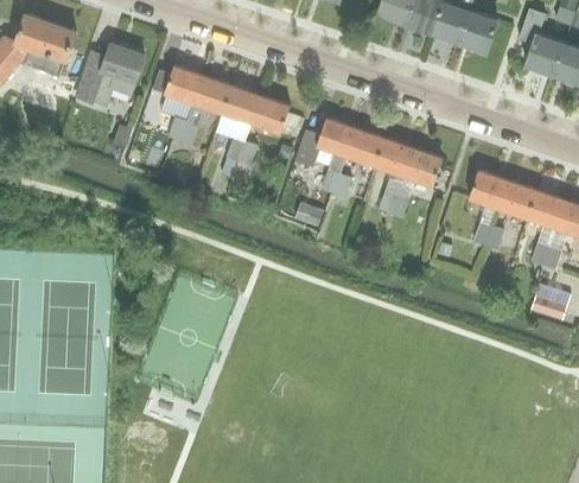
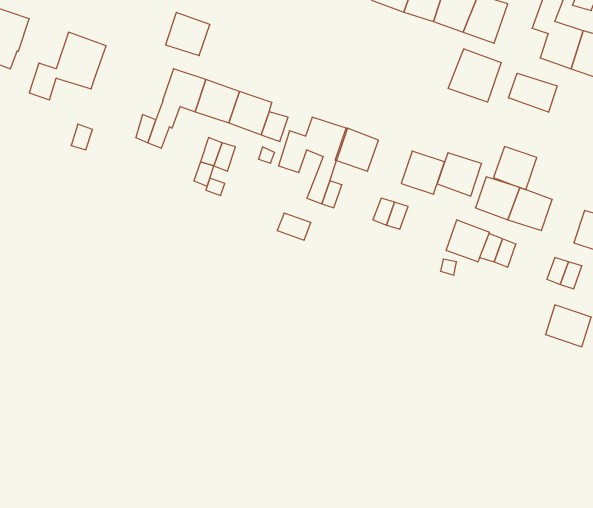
building: none -> [448,49,501,102]
building: [164,65,203,103] -> [166,12,210,56]
building: none -> [508,73,557,112]
building: [374,139,413,177] -> [437,153,482,196]
building: [527,191,565,229] -> [494,147,537,190]
building: none -> [446,220,489,262]

